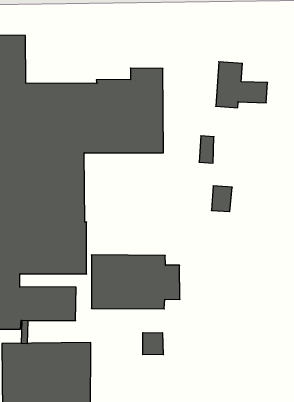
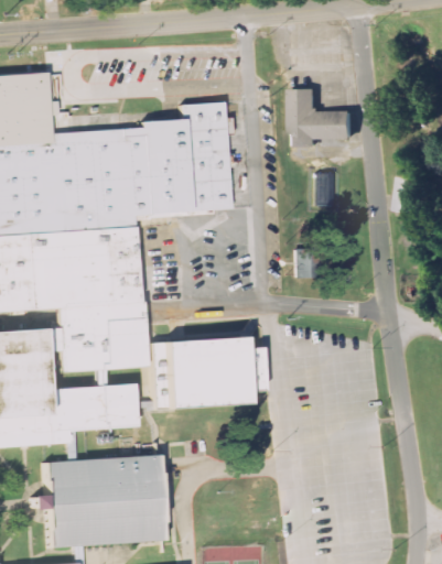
building: [199,136,214,163] -> [320,173,337,206]
building: [143,333,163,355] -> none

